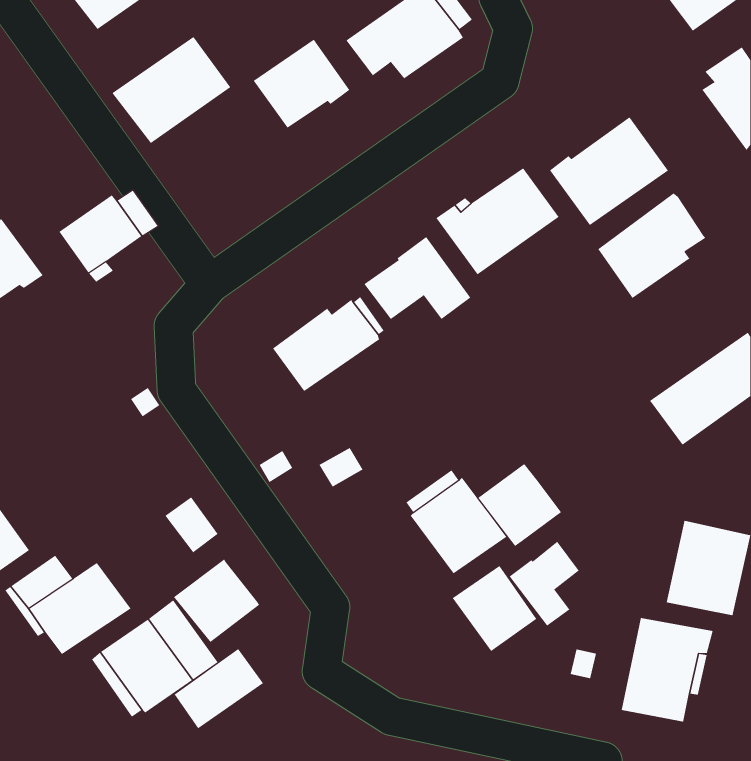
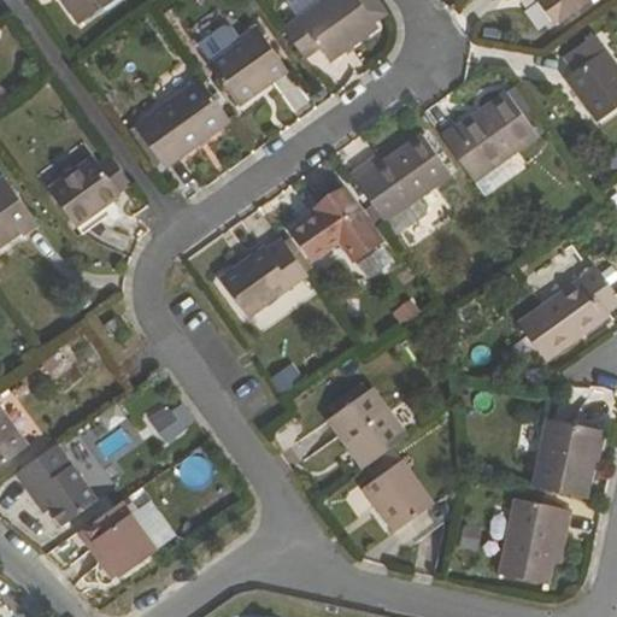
building: [111,36,231,144] -> [131,81,228,168]
building: [598,193,706,299] -> none
building: [478,463,562,547] -> none
building: [509,541,580,627] -> none
building: [173,558,260,643] -> none
building: [174,648,264,729] -> none

